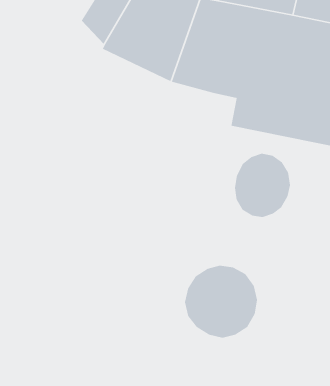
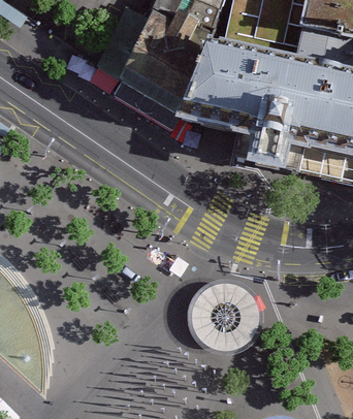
building: [234,153,291,218] -> none

